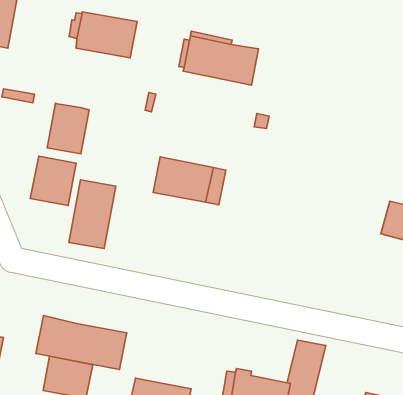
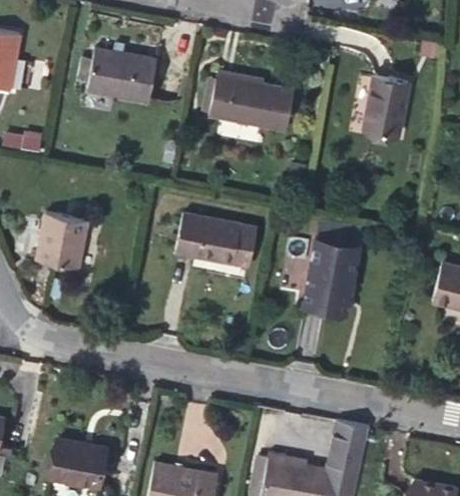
building: none -> [364,76,408,134]
building: [47,103,89,154] -> none
building: [69,180,116,249] -> none
building: none -> [300,241,362,322]
building: [36,316,127,370] -> none

